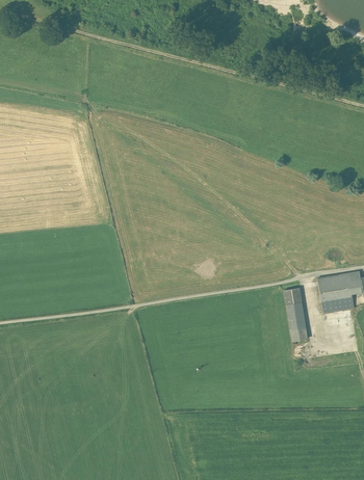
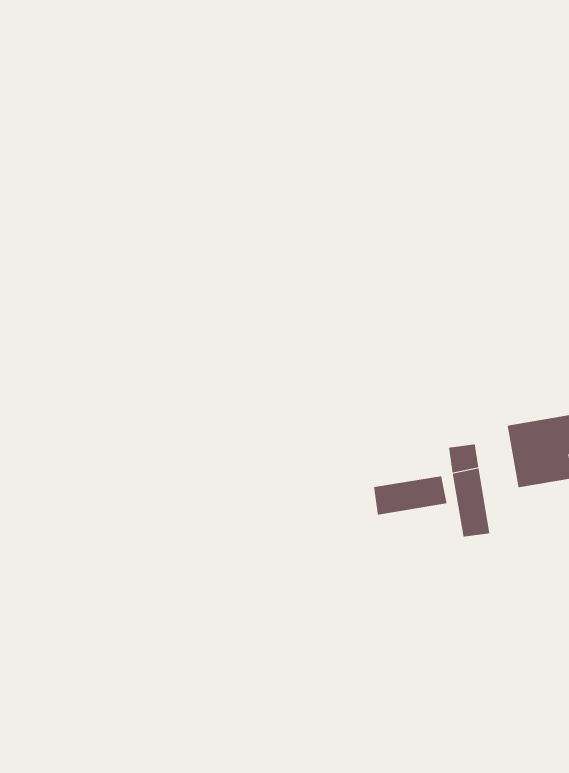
building: none -> [374,475,447,516]

